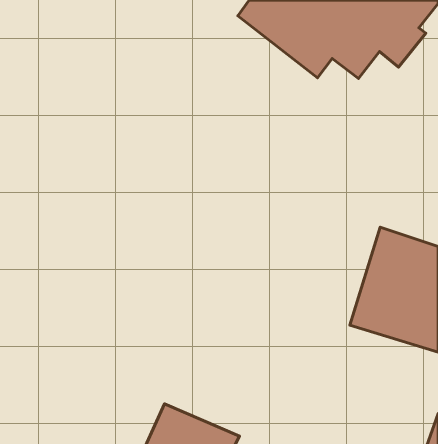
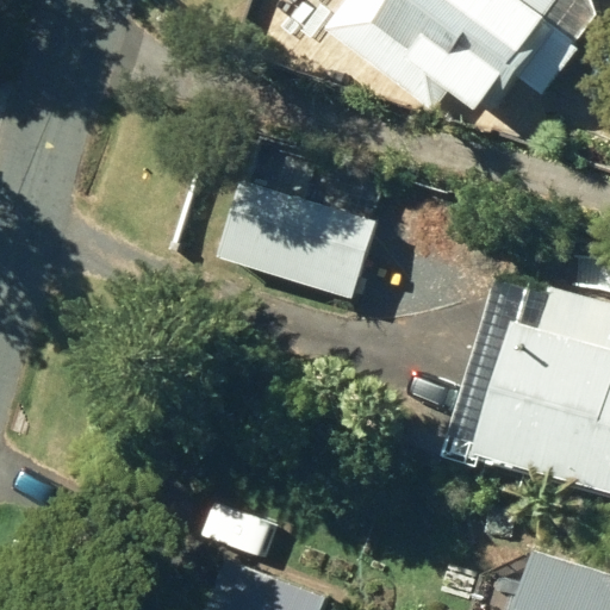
building: none -> [210,156,379,297]

